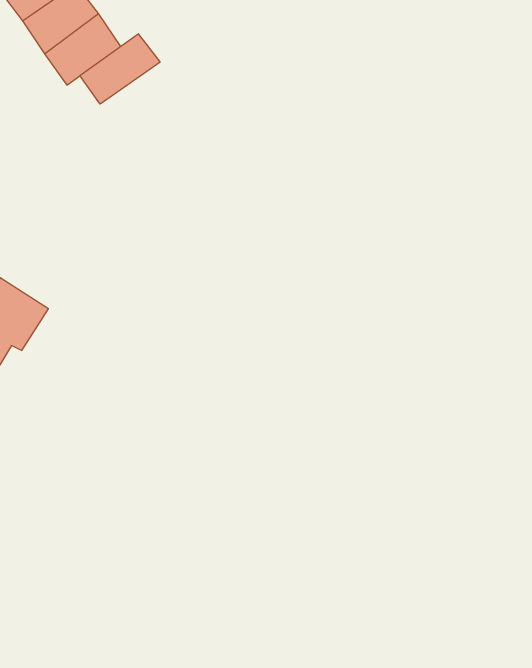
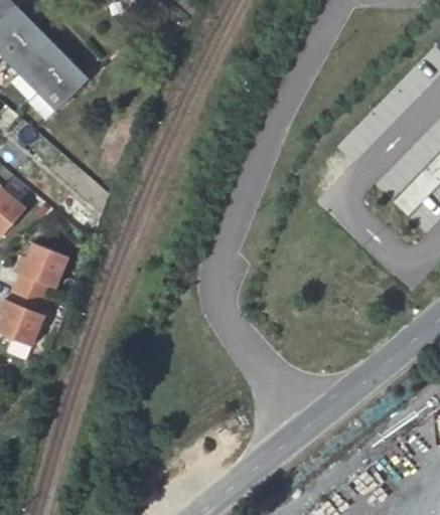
building: [80,34,160,104] -> none

